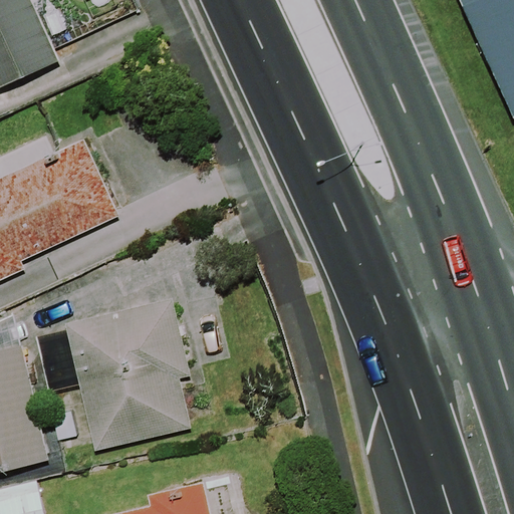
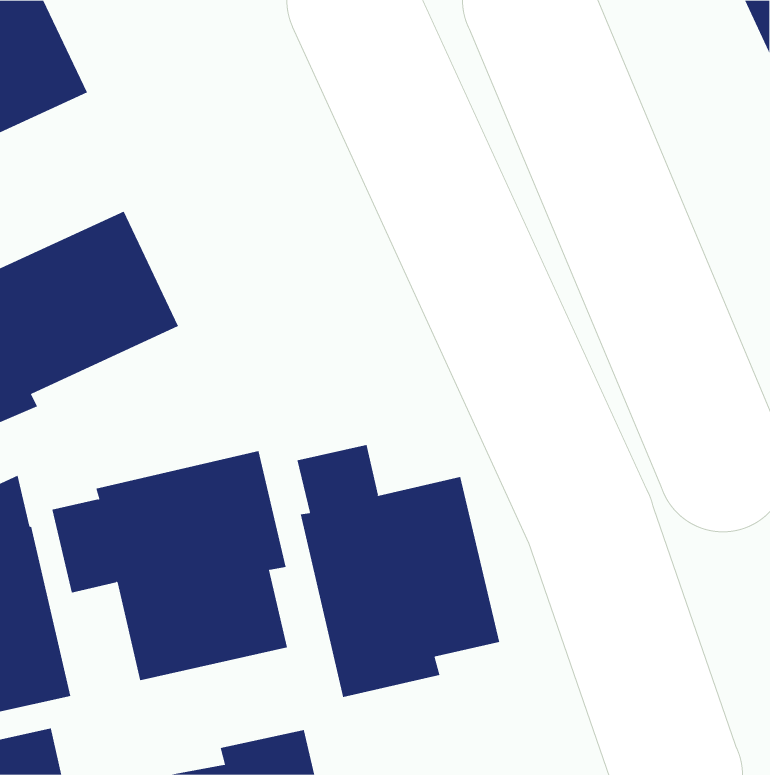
building: none -> [297,444,500,698]

